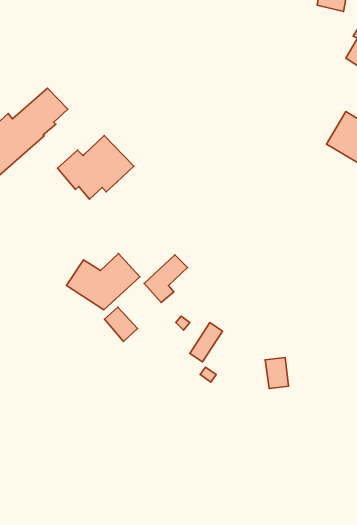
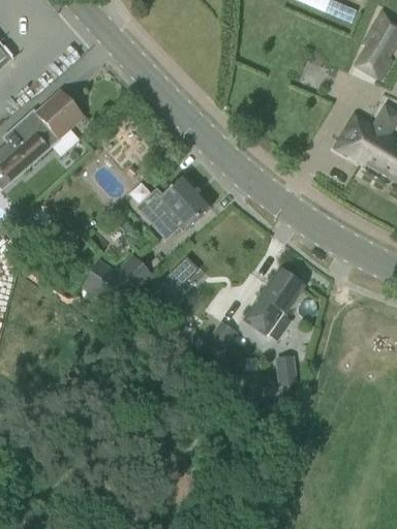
building: [57,135,134,199] -> [136,176,211,238]
building: none -> [246,268,304,336]
building: [104,307,137,342] -> none

